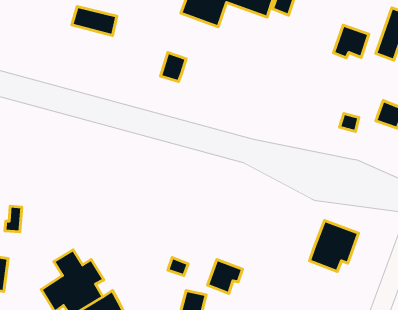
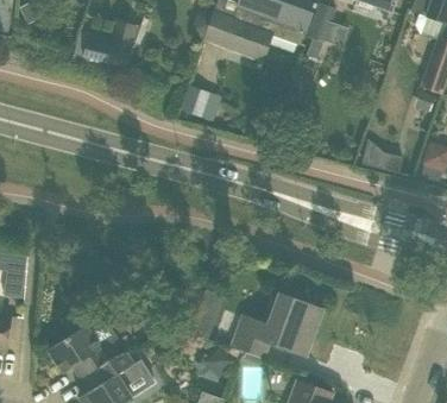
building: [334,25,369,58] -> none
building: [309,220,359,272] -> [267,296,322,353]

